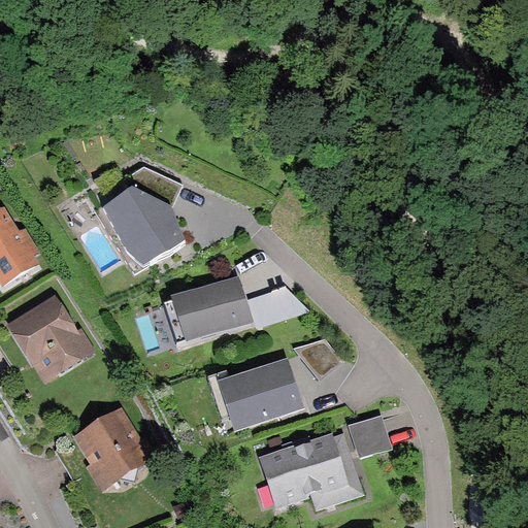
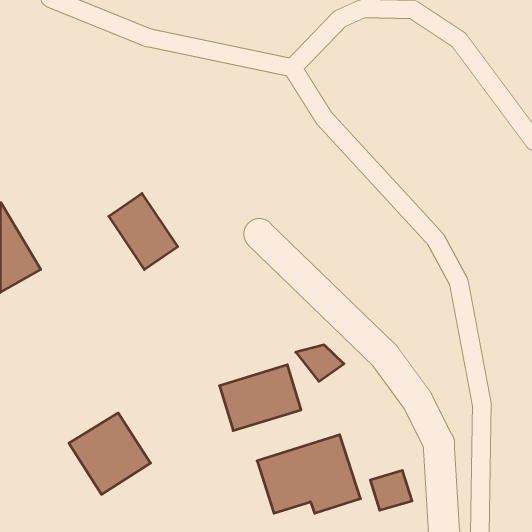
building: [167,284,246,339] -> none
building: [250,288,302,323] -> none
building: [7,297,88,380] -> none
building: [349,418,390,457] -> [370,471,412,510]

